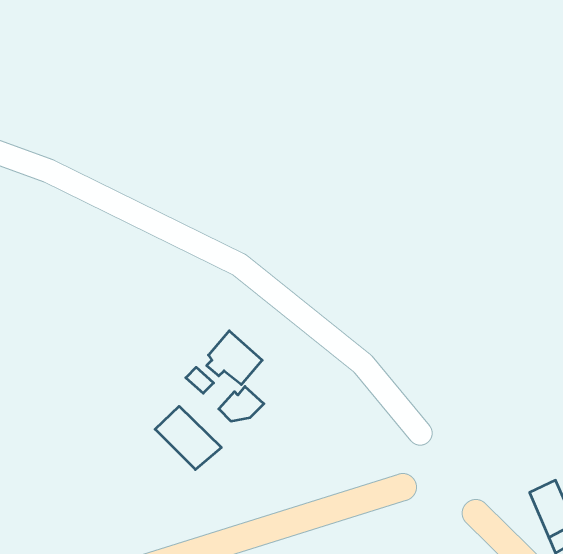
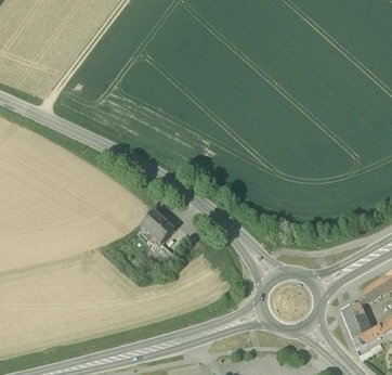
building: [155,406,221,470] -> none

